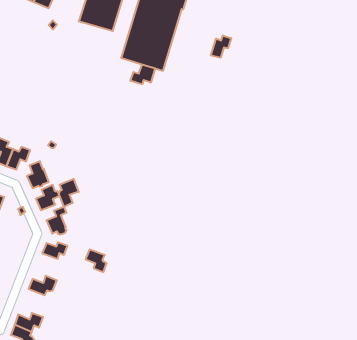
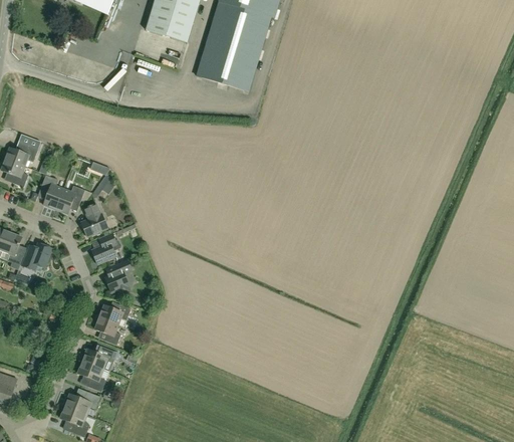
building: [211,35,231,58] -> none
building: [130,65,155,84] -> none
building: [59,179,79,207] -> none
building: [86,249,107,272] -> [94,316,120,345]
building: none -> [77,361,105,391]

